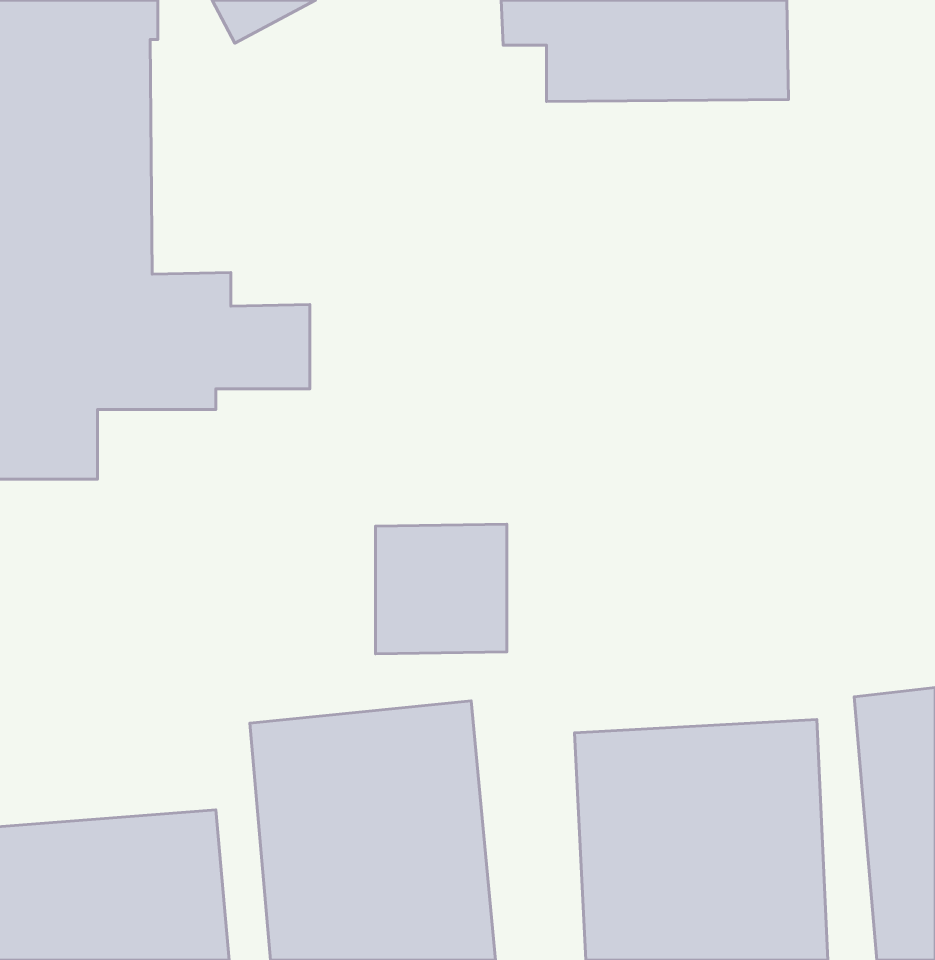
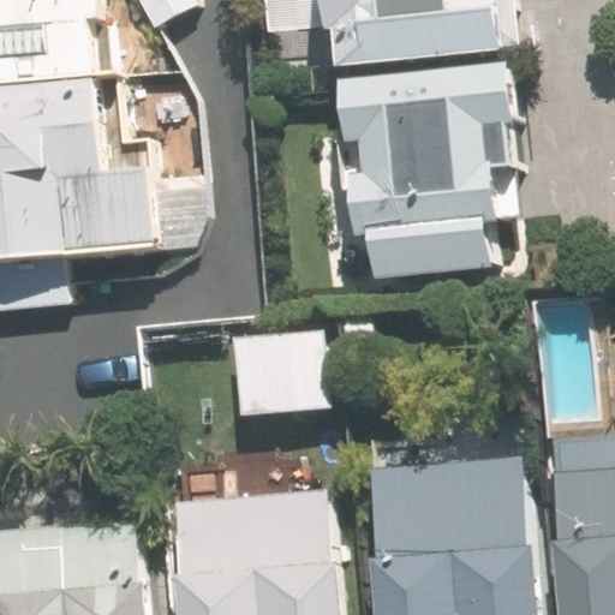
building: none -> [341,72,515,274]

